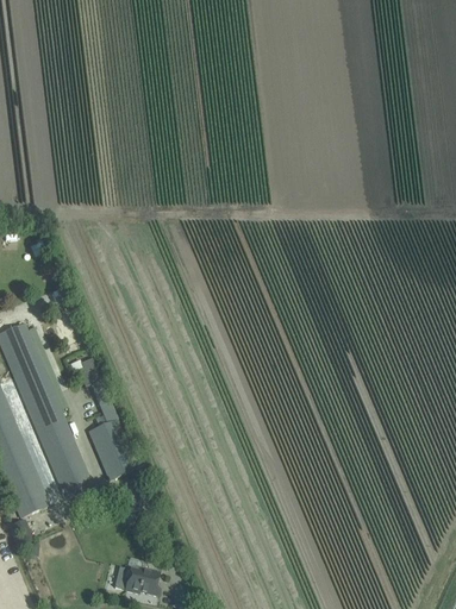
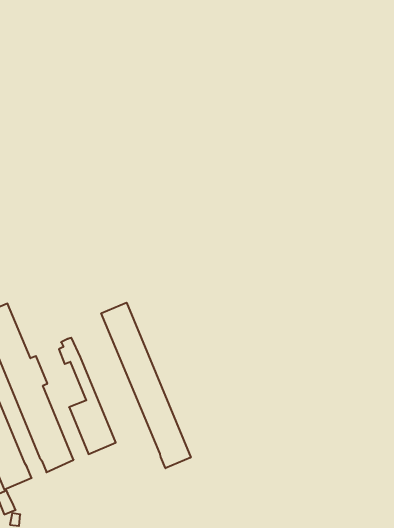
building: none -> [101,303,191,468]

